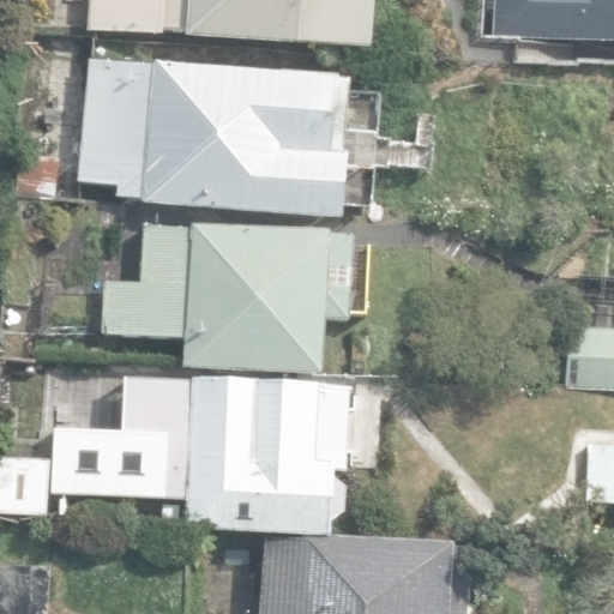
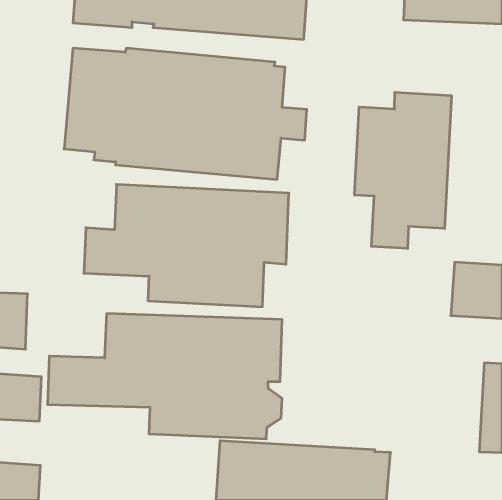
building: none -> [355,92,451,249]

